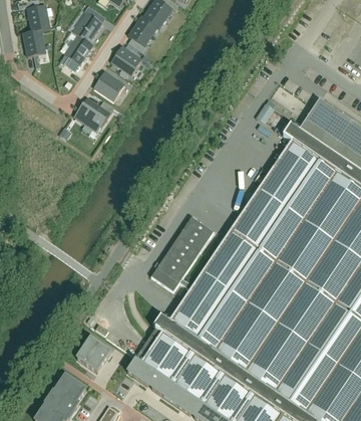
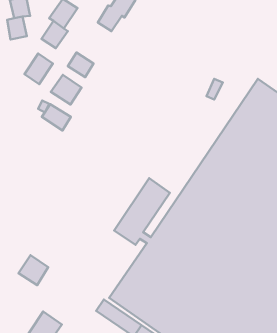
building: [111,43,141,72] -> none
building: none -> [25,53,53,84]
building: none -> [42,104,71,131]
building: [76,336,111,371] -> [18,255,48,285]

